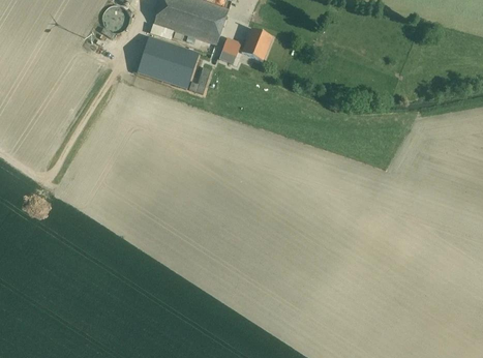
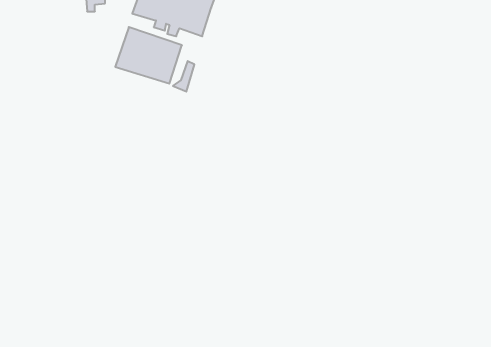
building: [223,28,273,60] -> none

